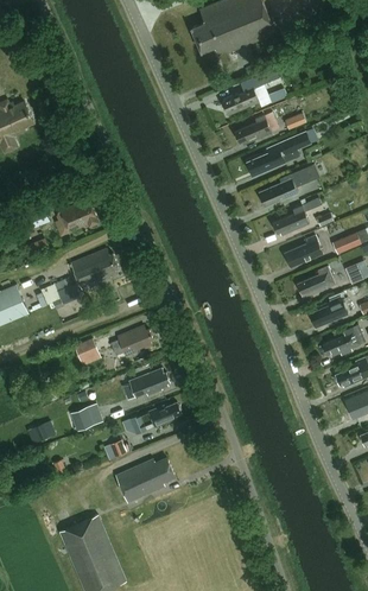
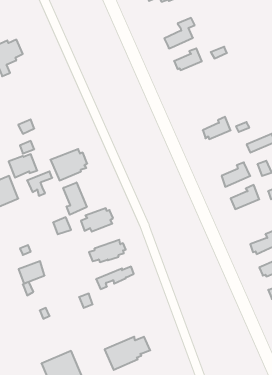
building: [248,133,310,174] -> none
building: [260,165,319,206] -> none
building: [62,201,100,231] -> [9,154,37,178]
building: [285,235,323,267] -> none
building: none -> [63,182,87,215]
building: [323,328,360,356] -> none
building: [72,401,107,431] -> [19,261,45,284]
building: [115,459,176,503] -> [105,337,150,370]

